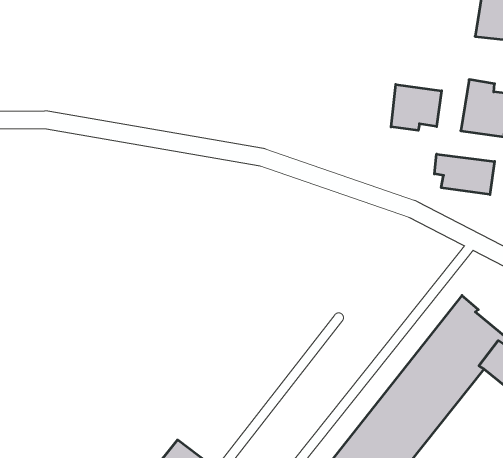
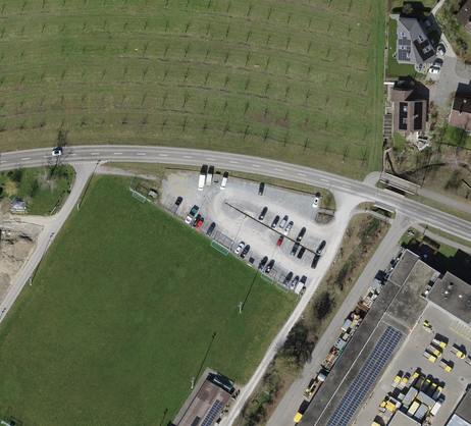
building: [391,84,442,130] -> none
building: [434,154,495,195] -> none

